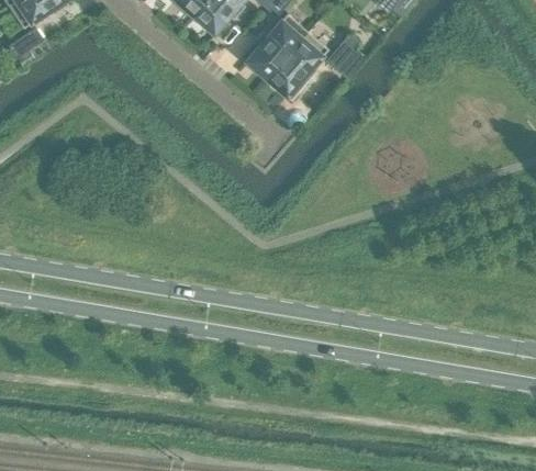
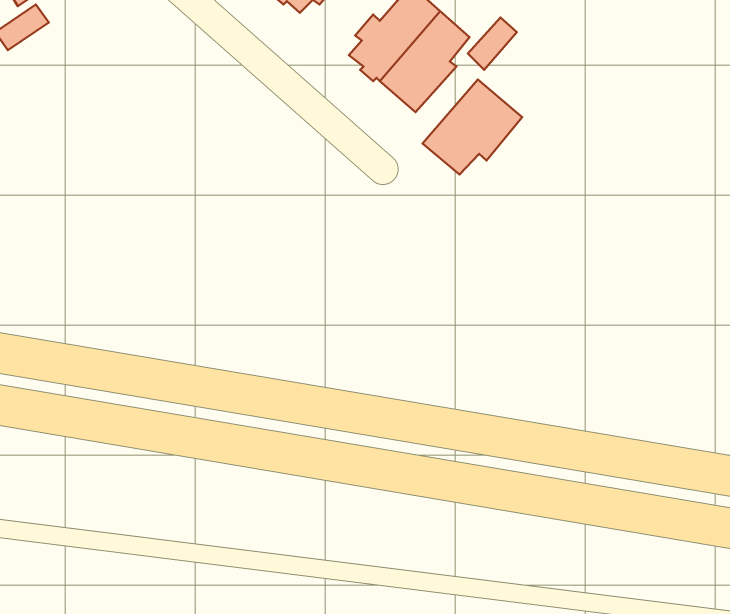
building: none -> [423,79,522,175]

